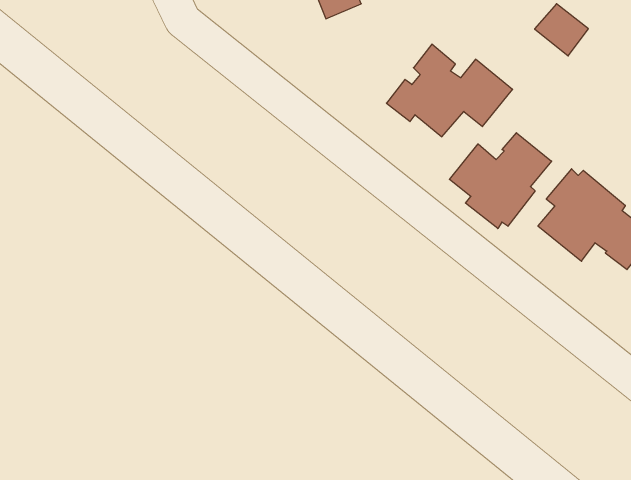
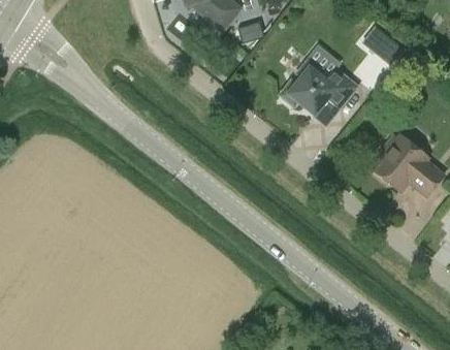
building: [449,133,552,229] -> none

